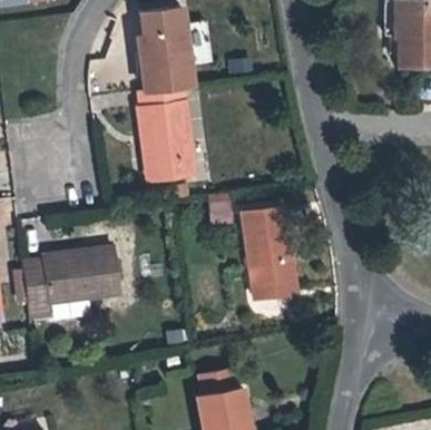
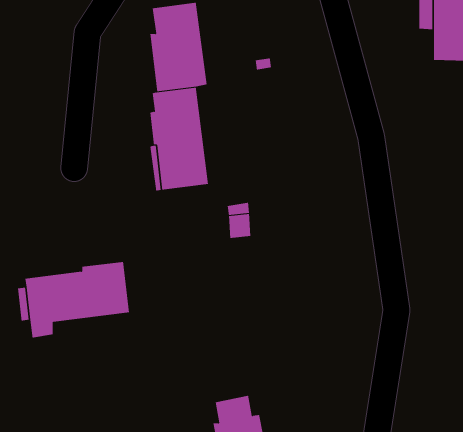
building: [243,207,295,297] -> none

